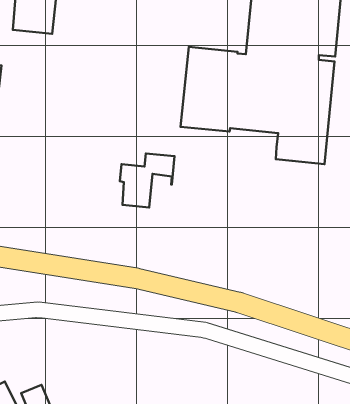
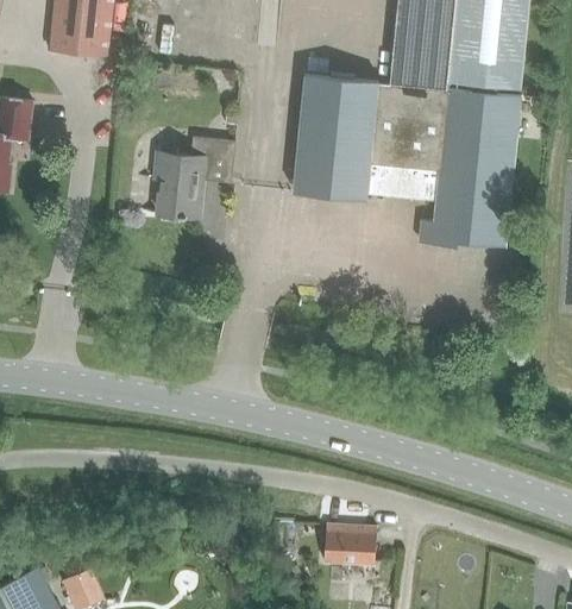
building: [120,154,174,207] -> [155,138,234,216]
building: none -> [323,525,377,565]

